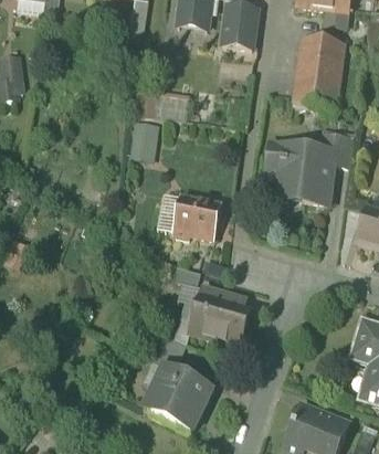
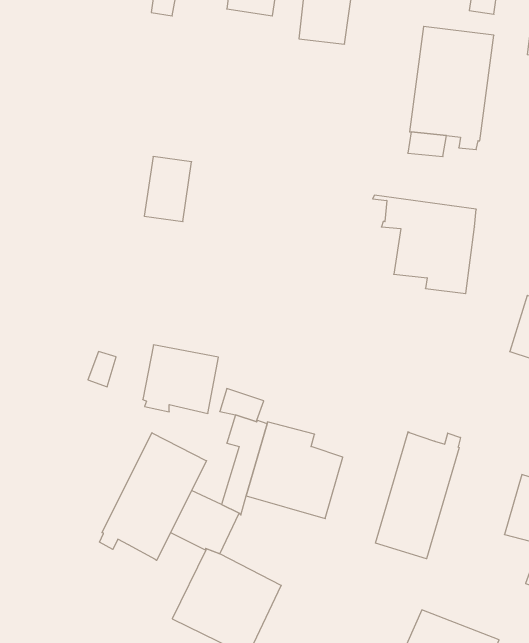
building: [318,133,354,166] -> none
building: [172,197,220,240] -> [143,345,218,413]
building: none -> [375,432,460,559]
building: none -> [100,433,207,560]

